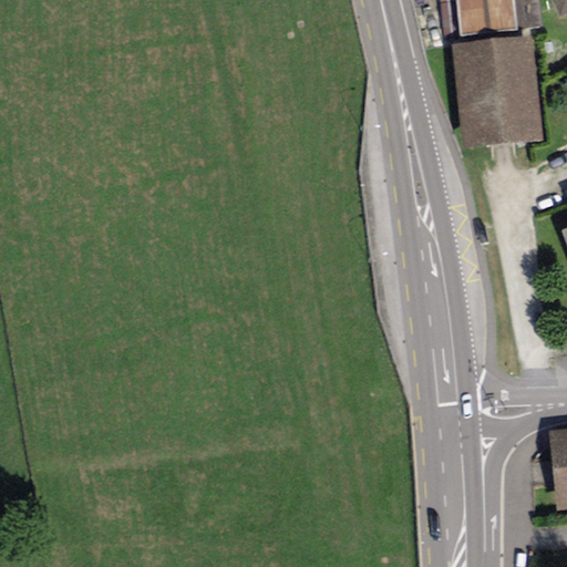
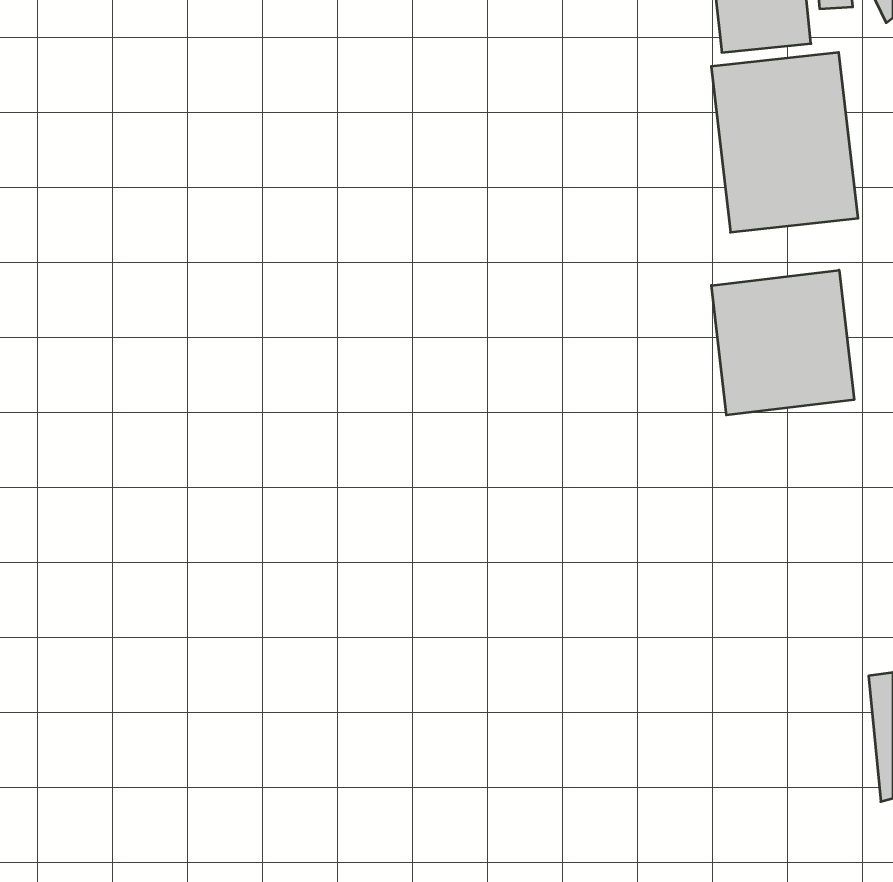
building: none -> [711,270,854,415]

